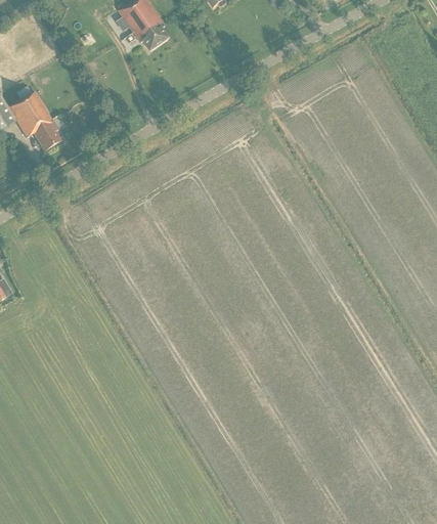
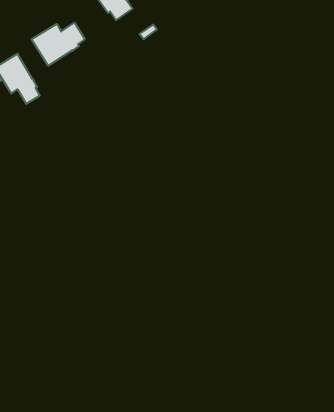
building: none -> [32,23,85,66]

